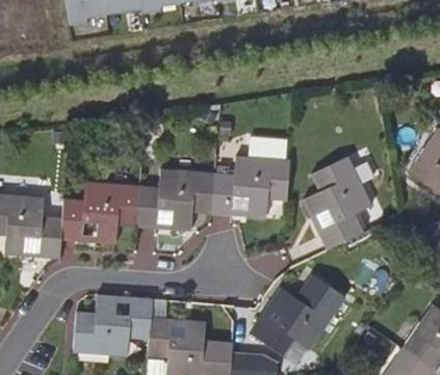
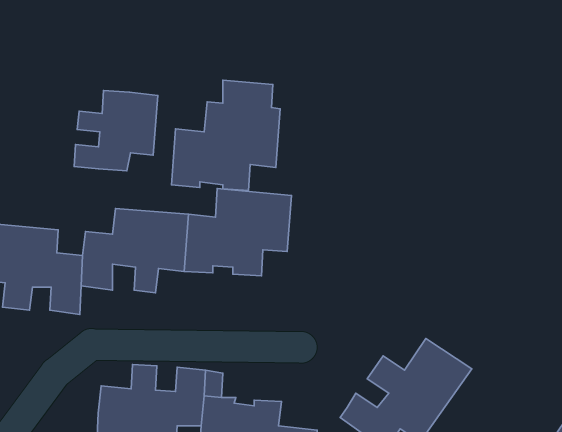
building: none -> [74,91,158,171]
building: [211,137,290,217] -> [171,80,280,190]
building: [302,158,371,250] -> none

